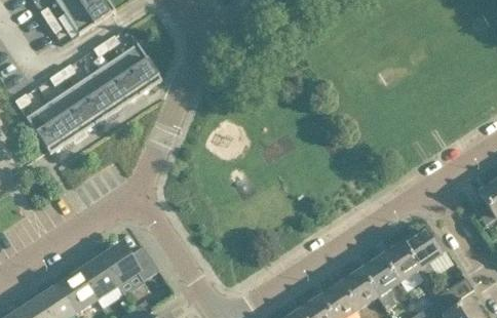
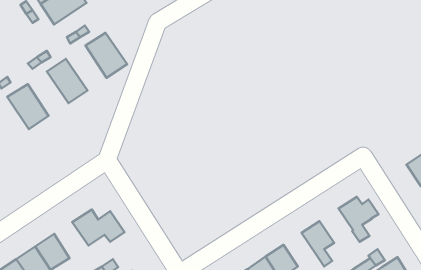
building: [92,57,139,109] -> none
building: [49,87,95,137] -> none
building: [381,243,419,282] -> none
building: [79,259,118,300] -> none
building: [340,271,377,309] -> none

